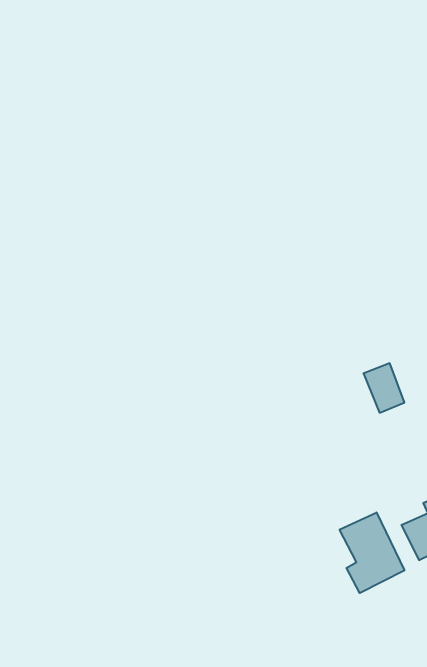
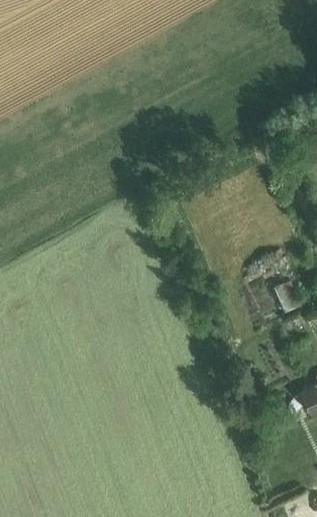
building: [340,512,404,593] -> none

